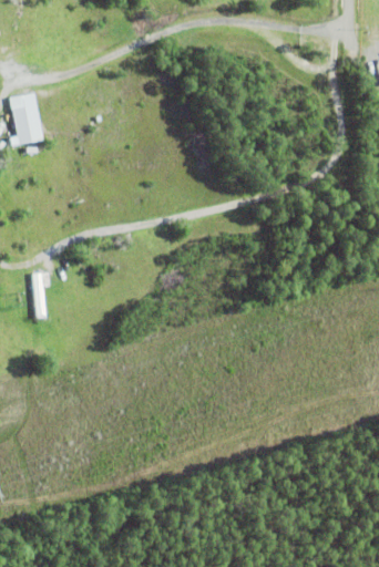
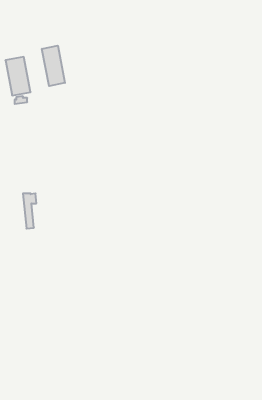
building: none -> [42,46,65,86]

